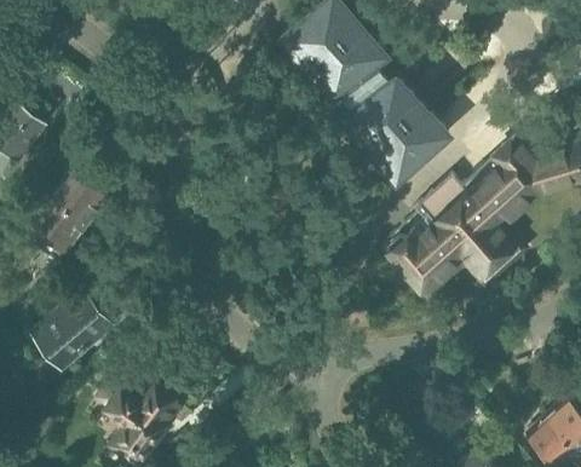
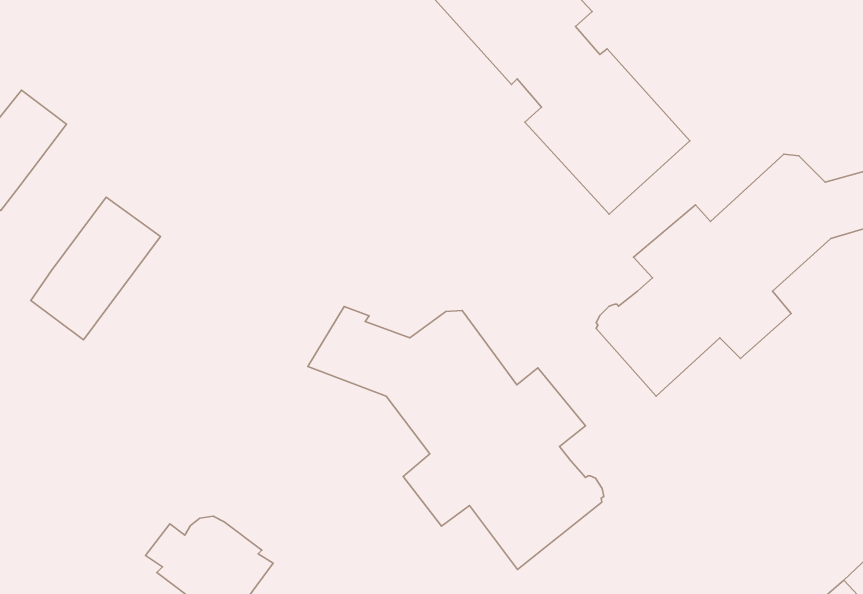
building: none -> [308,307,604,570]
building: [28,302,104,377] -> none

